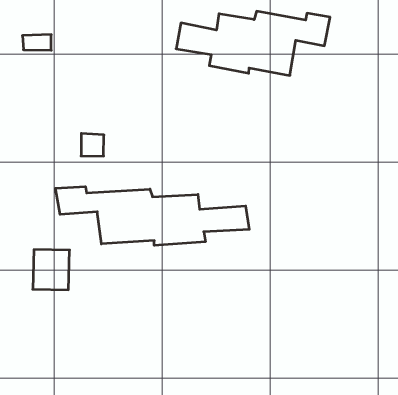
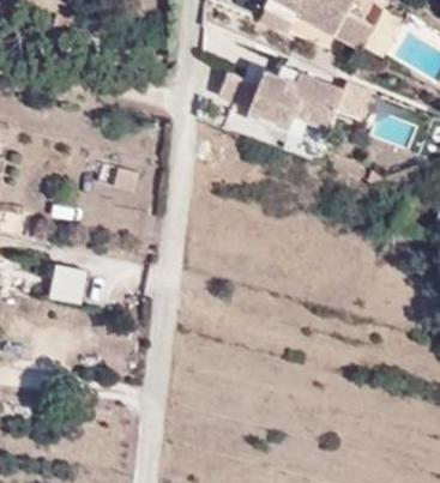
building: [56,187,249,245] -> none

